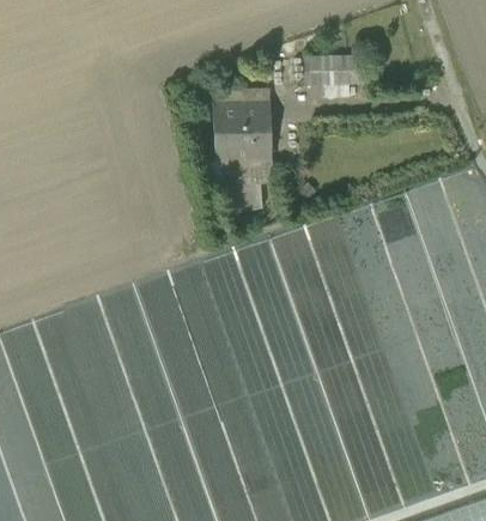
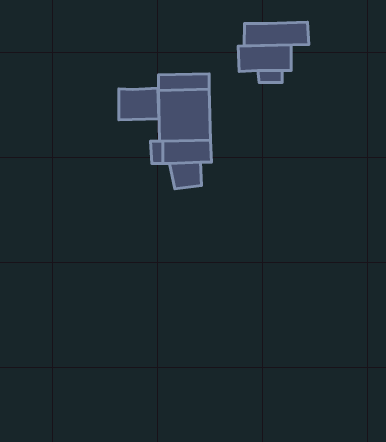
building: none -> [244,22,309,46]
building: none -> [119,88,159,120]

